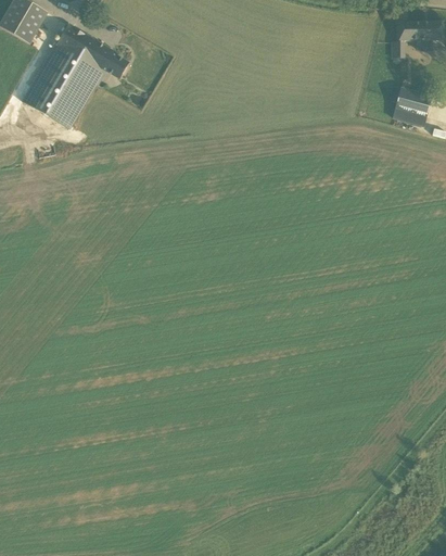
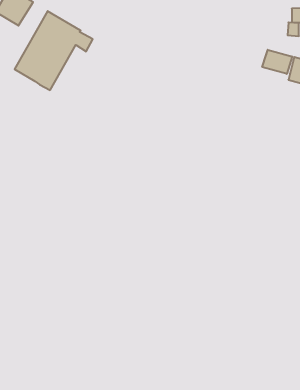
building: none -> [262,50,292,74]

